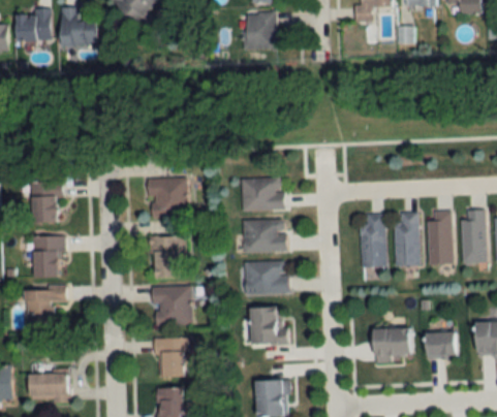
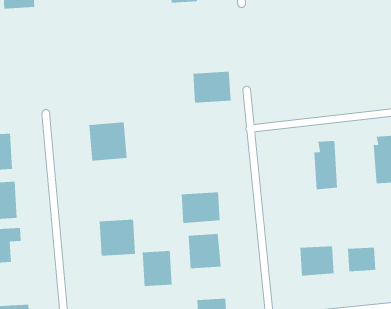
building: [242,178,283,211] -> [193,71,231,103]
building: [428,210,453,264] -> none
building: [361,213,385,266] -> none
building: [243,220,287,252] -> none
building: [149,236,184,280] -> none
building: [155,339,187,377] -> [142,251,172,287]

